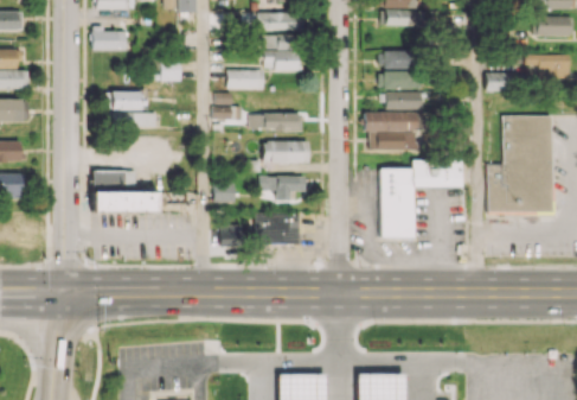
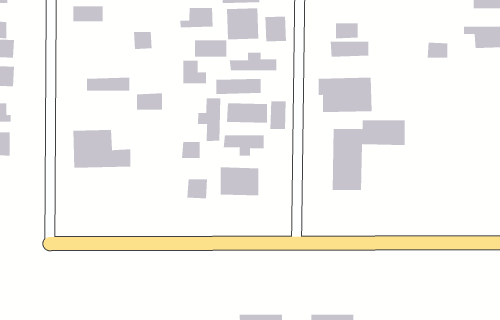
building: none -> [180,7,213,28]
building: none -> [265,16,286,42]
building: none -> [229,52,277,71]
building: [111,90,141,109] -> [136,93,163,110]
building: [385,91,423,109] -> none
building: [487,115,552,212] -> none
building: none -> [198,97,221,142]
building: none -> [270,101,286,130]

